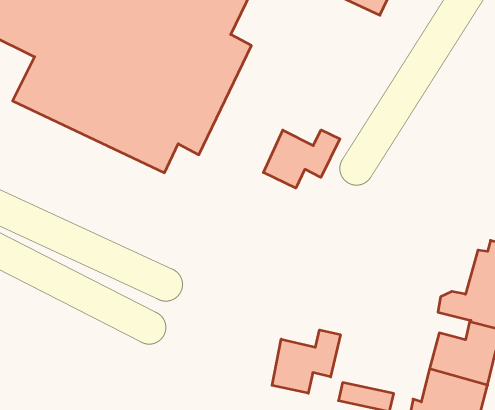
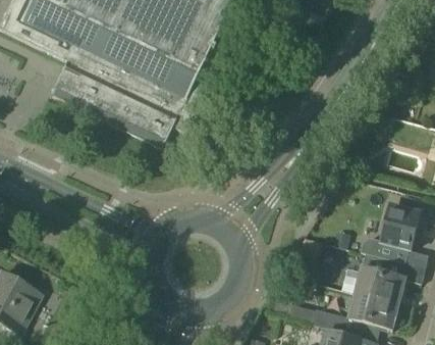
building: [263,130,340,188] -> none
building: [272,330,340,393] -> none

